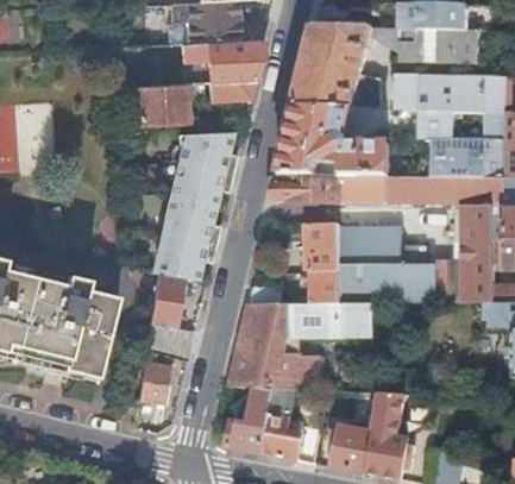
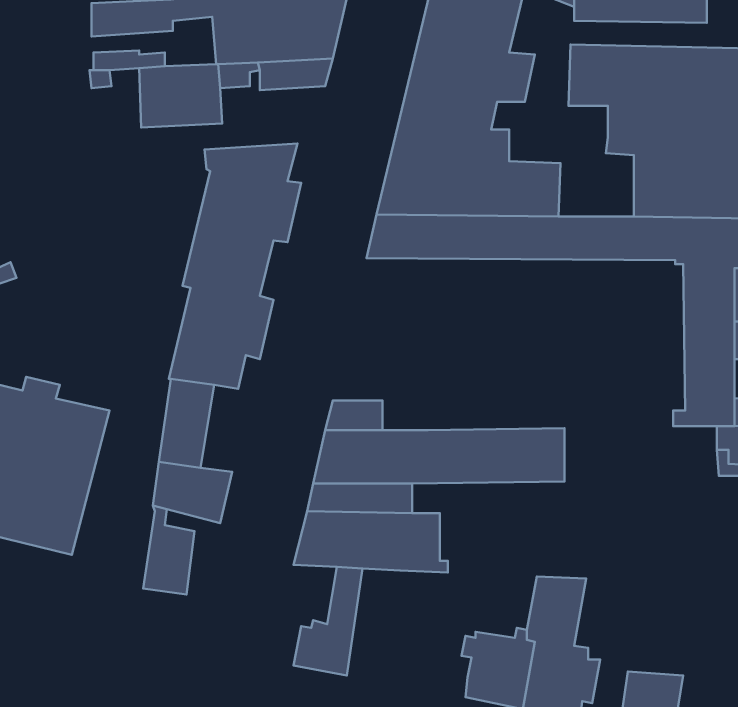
building: [309,225,434,304] -> none
building: [260,388,301,459] -> none

